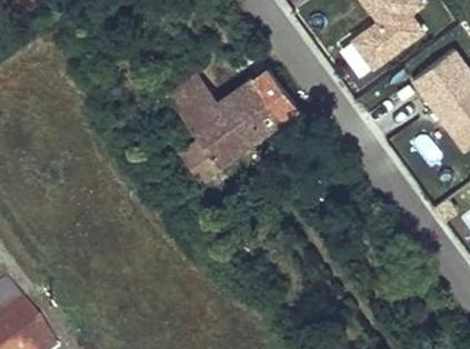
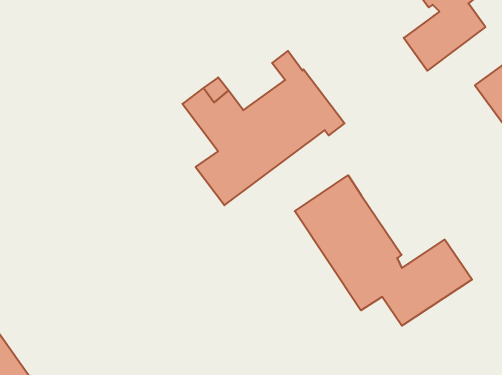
building: none -> [295,175,472,326]

